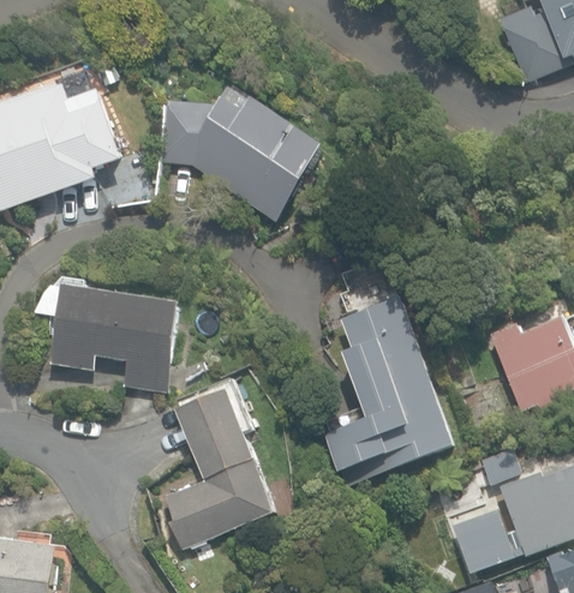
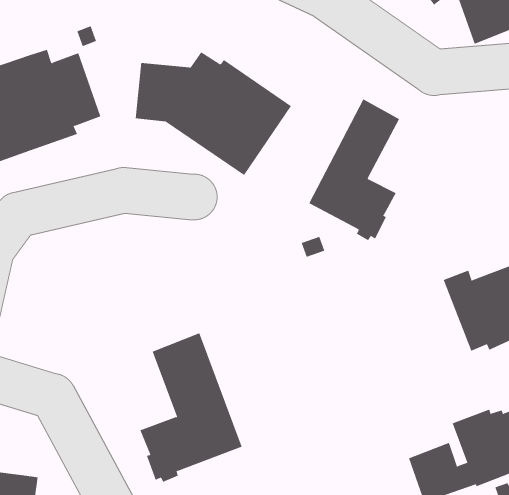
building: none -> [309,99,400,241]
building: [36,284,179,389] -> none
building: [323,295,455,486] -> none

